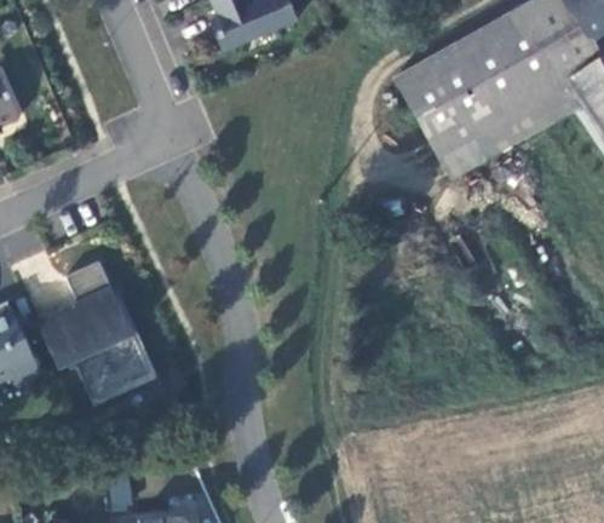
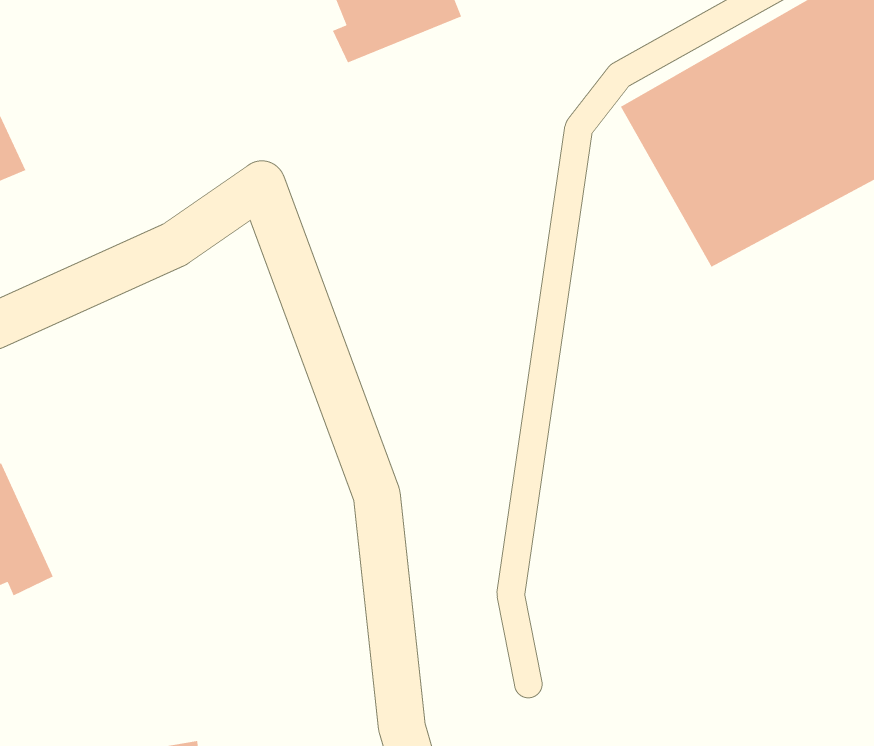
building: [36,260,157,404] -> none

